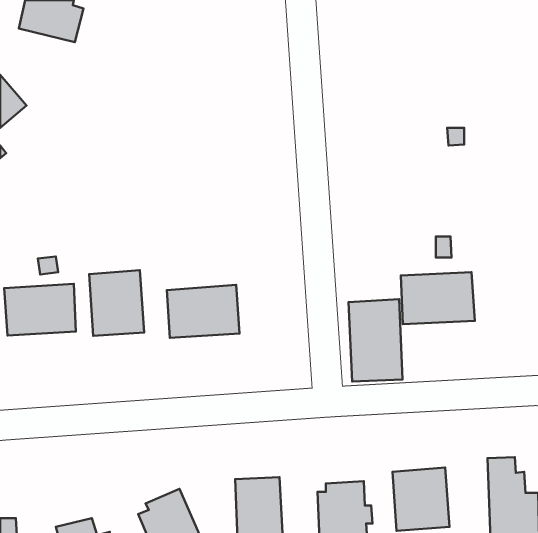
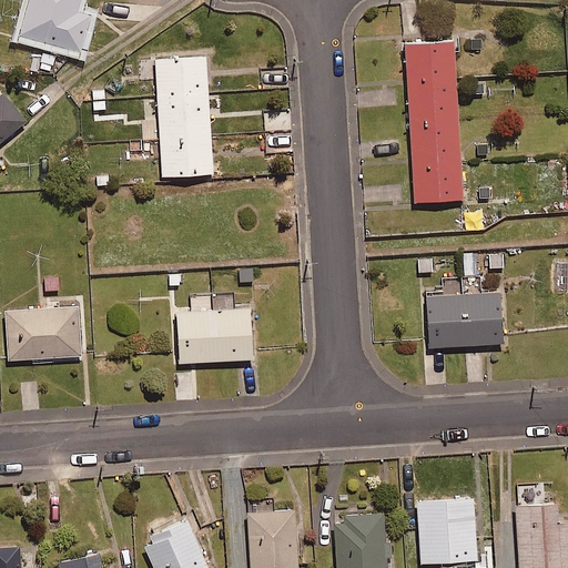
building: none -> [404,47,463,205]
building: none -> [155,62,214,183]
building: [89,270,144,336] -> none
building: [349,299,403,382] -> none

